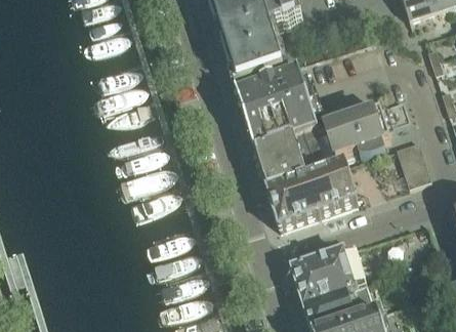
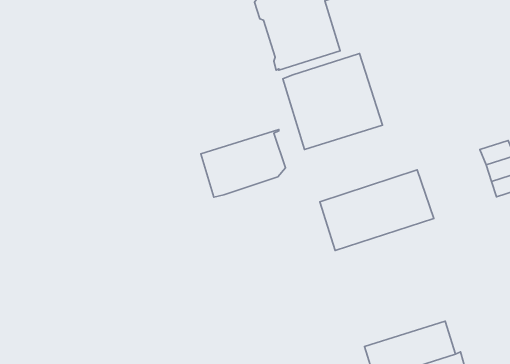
building: [325,100,411,156] -> none
building: [255,128,323,182] -> [201,129,285,197]
building: [291,246,368,305] -> none

